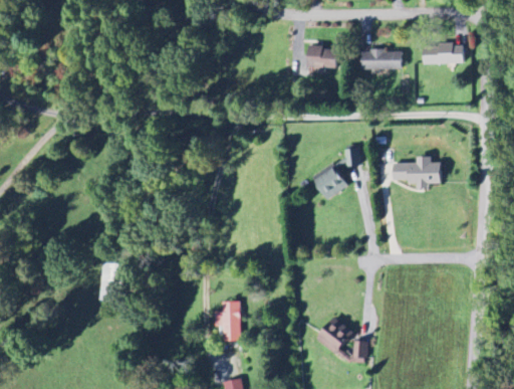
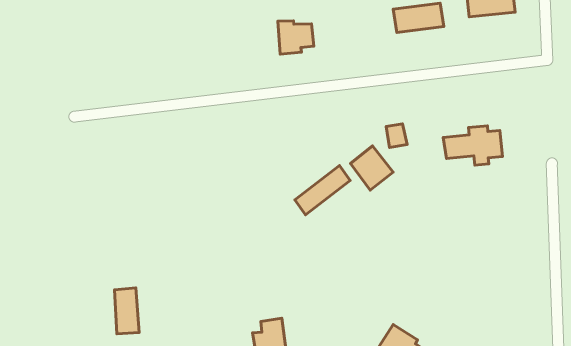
building: [307,44,336,72] -> [278,21,314,54]
building: none -> [295,165,350,215]

